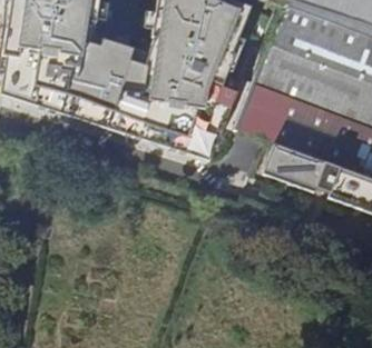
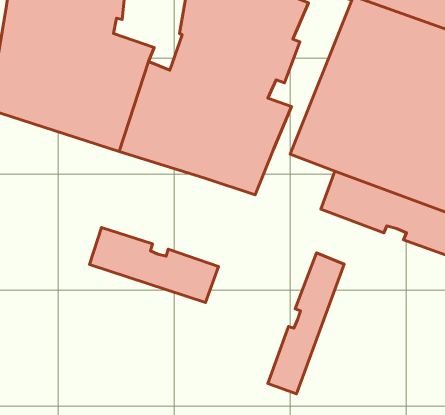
building: none -> [89,228,218,303]
building: none -> [268,253,344,394]

